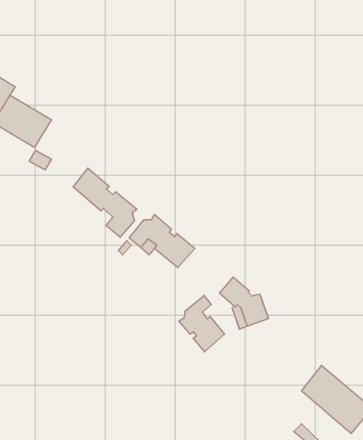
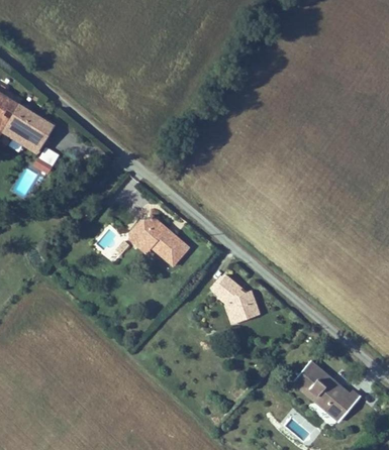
building: [73,168,137,237] -> none
building: [179,296,225,352] -> none

